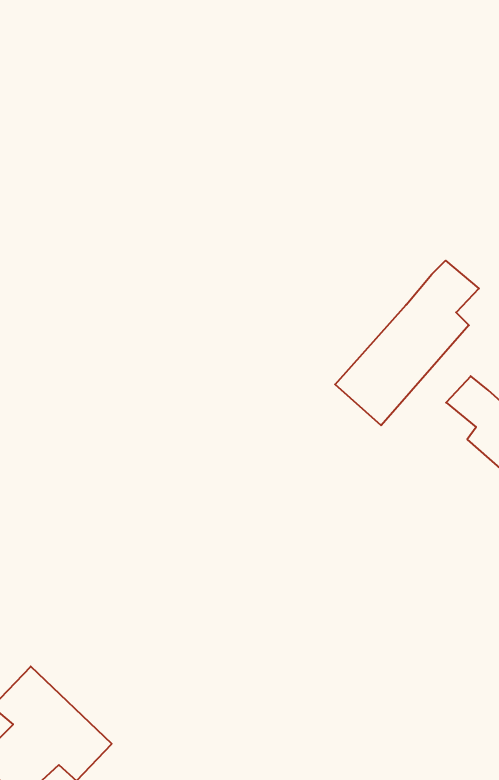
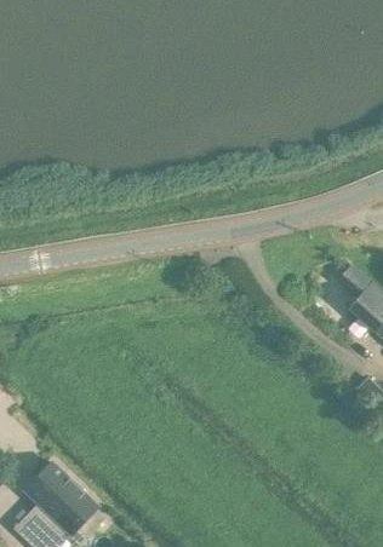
building: [335,261,479,425] -> none

